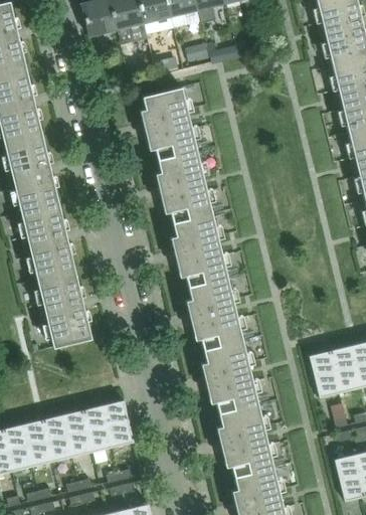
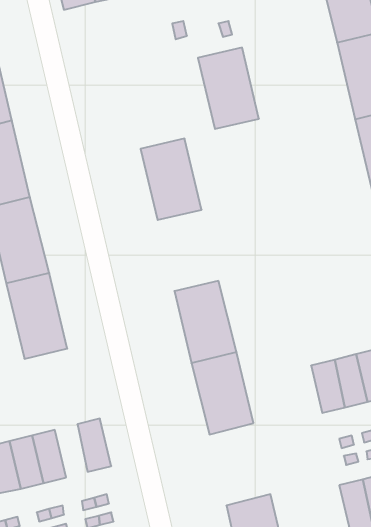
building: [143,88,197,160] -> [198,48,259,129]
building: [173,214,227,287] -> none
building: [219,404,273,478] -> none
building: [81,405,111,453] -> none

